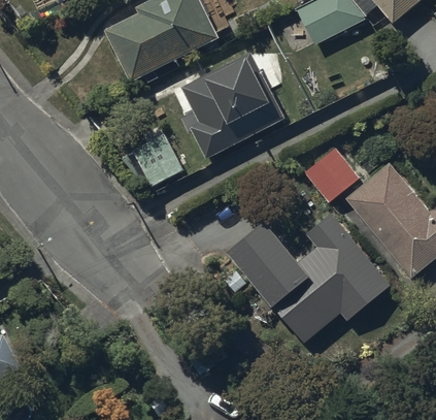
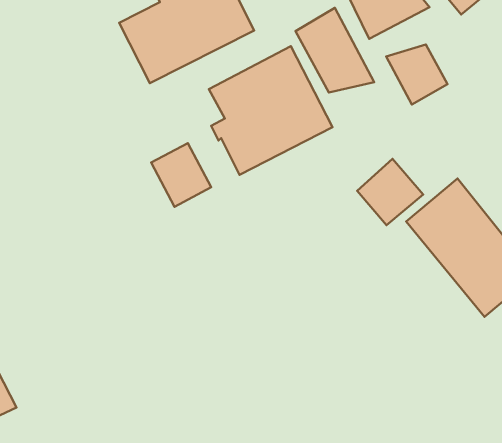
building: none -> [295,8,374,93]
building: none -> [386,44,447,105]
building: [232,201,392,335] -> none

